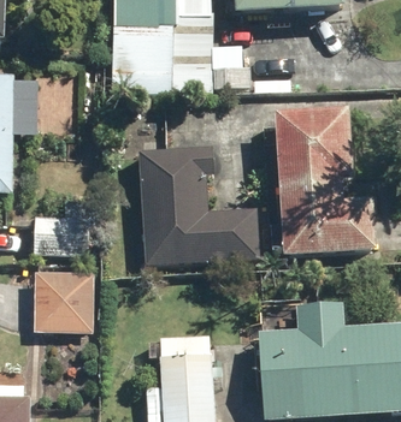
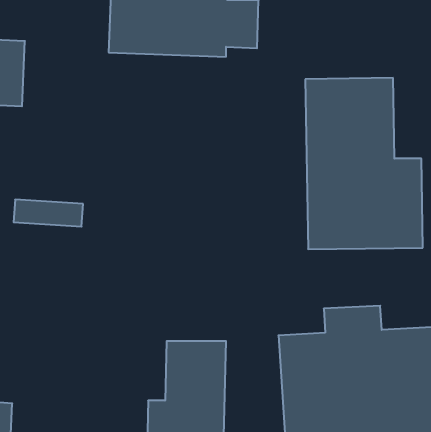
building: [140,154,259,261] -> none
building: [30,269,94,331] -> none

